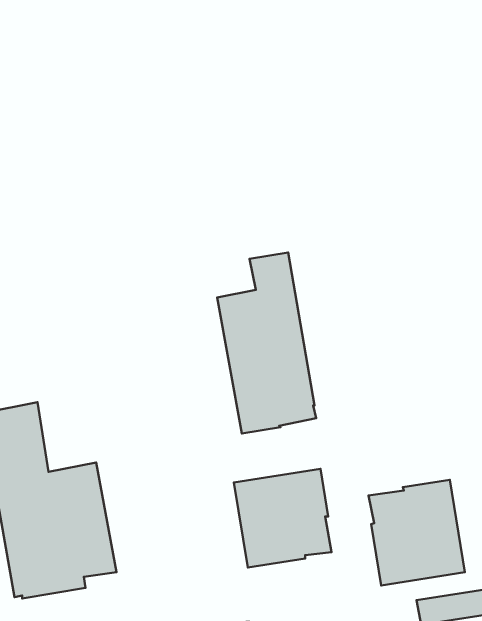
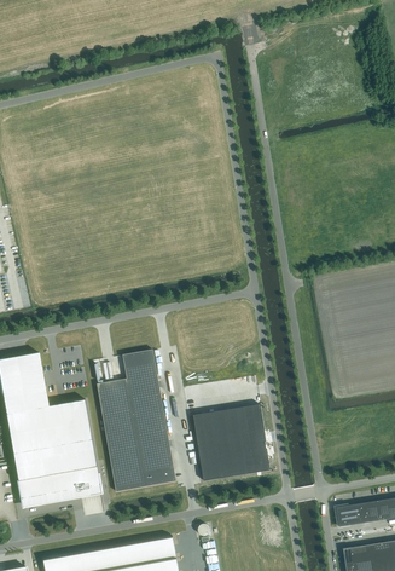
building: [217,253,316,433] -> [97,350,174,491]
building: [369,480,465,585] -> none

